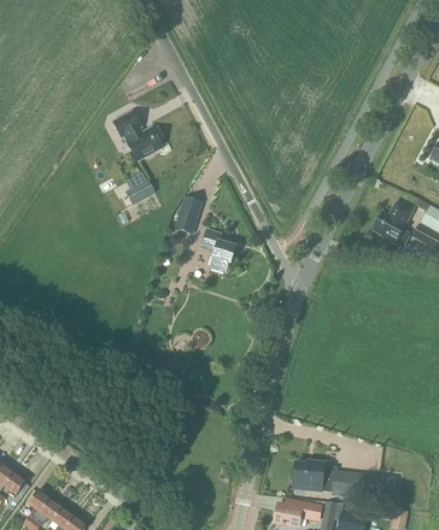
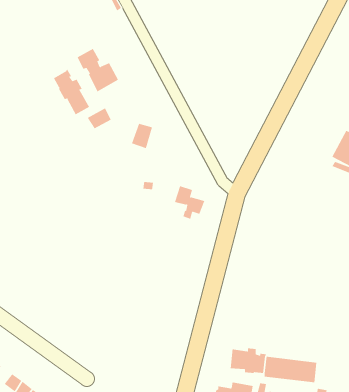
building: none -> [53,69,90,115]
building: [371,202,411,243] -> none
building: [199,228,235,267] -> [174,186,205,219]

